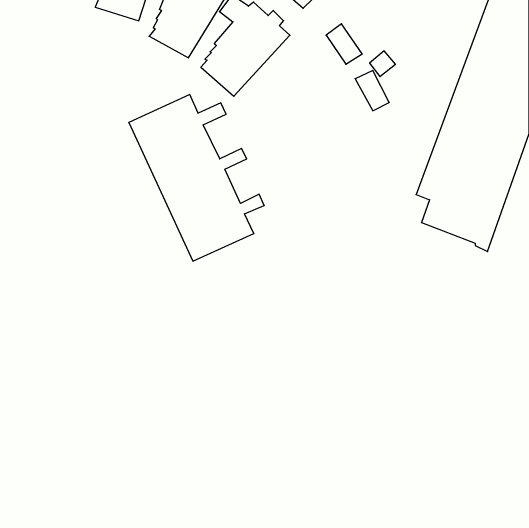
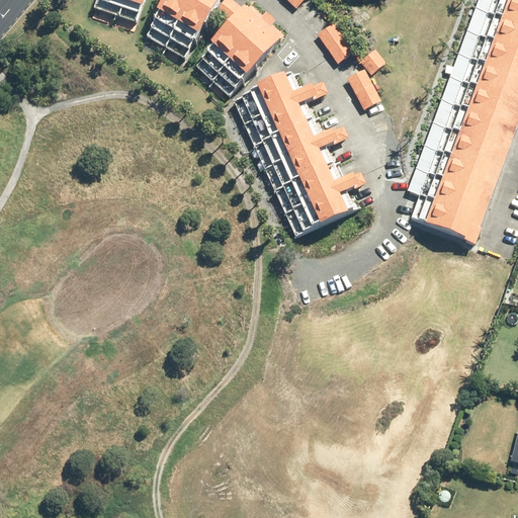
building: [129,95,264,261] -> [234,74,366,237]

